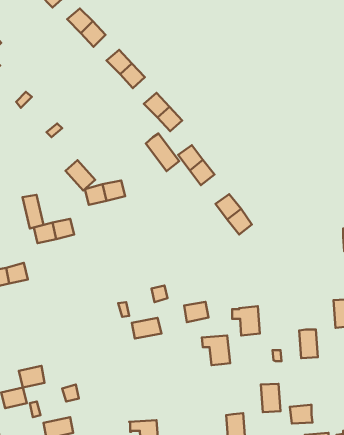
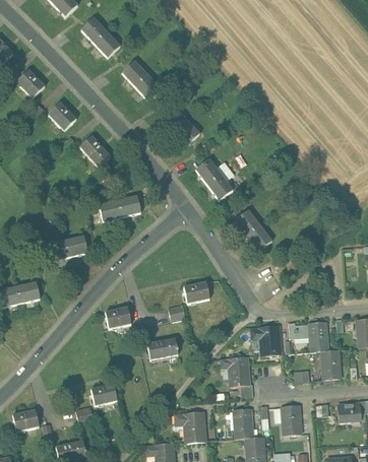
building: none -> [16,69,44,97]
building: none -> [48,102,75,130]
building: [146,134,179,171] -> none
building: [66,160,95,191] -> [79,135,110,167]
building: [22,195,44,228] -> none
building: none -> [105,306,131,328]
building: [184,302,209,322] -> [183,281,208,303]
building: none -> [295,321,327,351]
building: [19,366,45,388] -> [90,383,117,405]
building: none -> [233,408,252,438]
building: none -> [175,412,204,442]
building: [290,405,312,424] -> [336,402,360,421]

